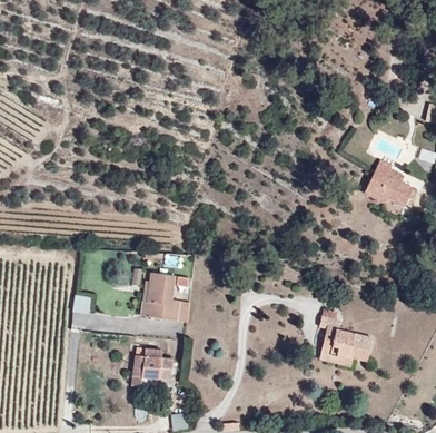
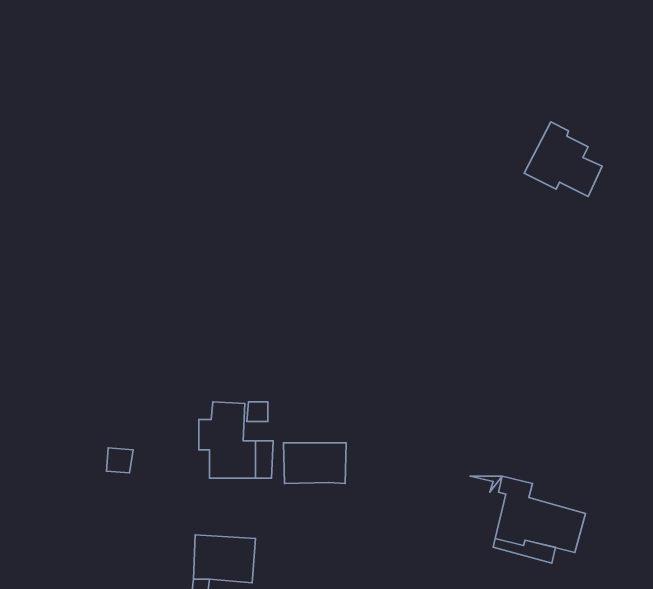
building: [366,156,415,203] -> [524,122,602,196]
building: none -> [283,443,346,484]

